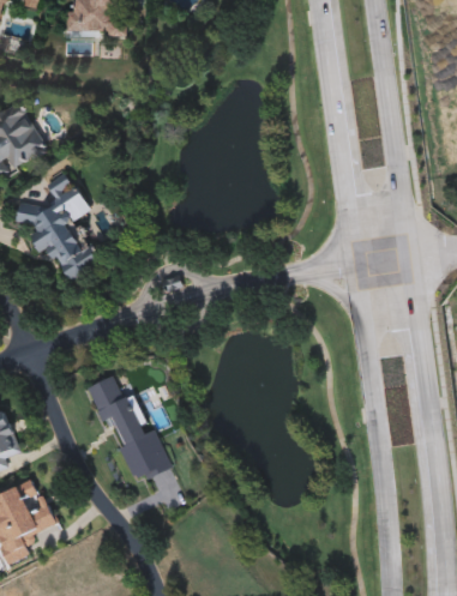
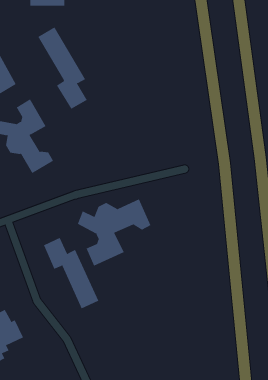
building: none -> [37,27,88,110]
building: none -> [77,199,151,267]

